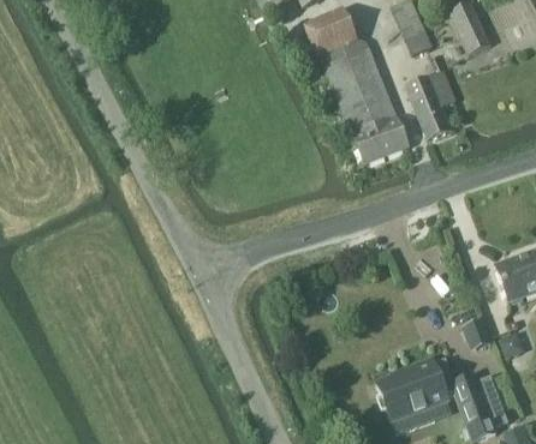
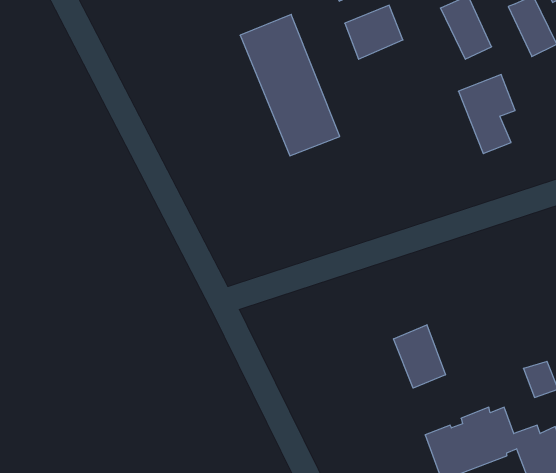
building: [321,40,407,162] -> [240,14,340,156]
building: none -> [394,325,445,388]

